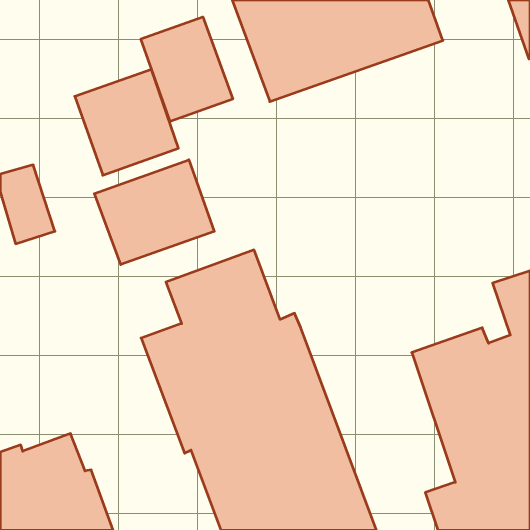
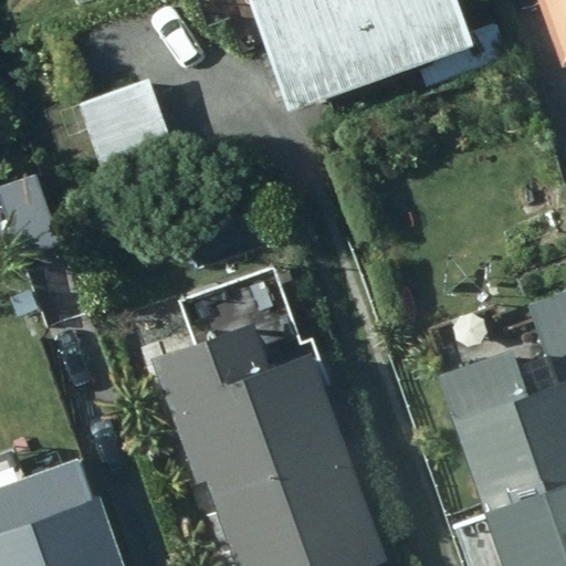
building: [141,17,233,122] -> none
building: [94,160,214,265] -> none

